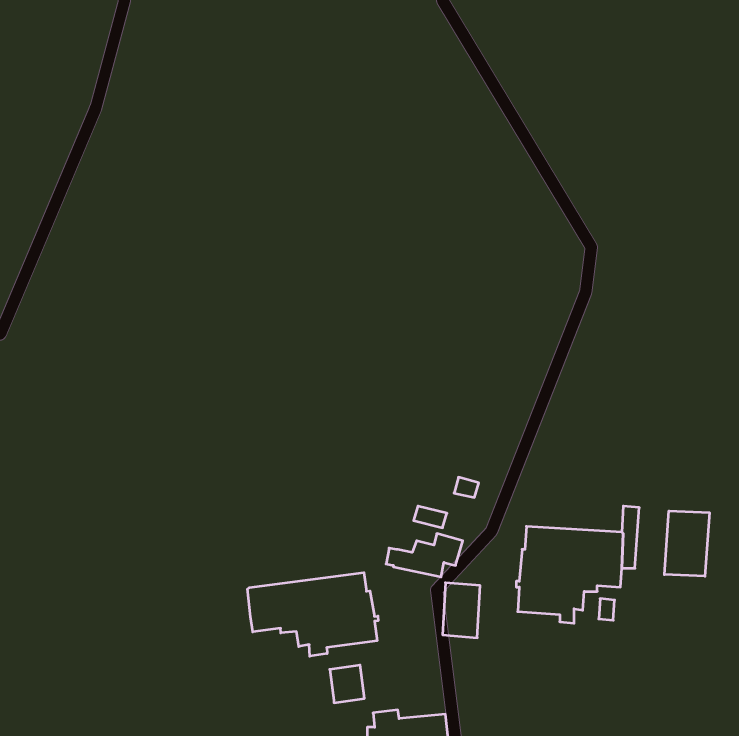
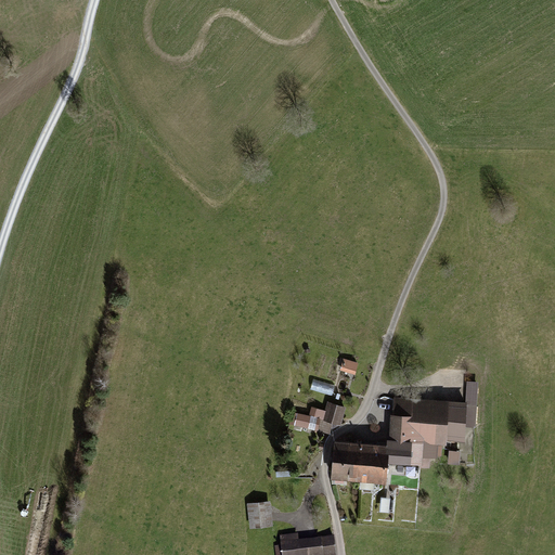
building: [664,511,709,576] -> none
building: [248,573,378,656] -> none
building: none -> [358,441,389,481]

